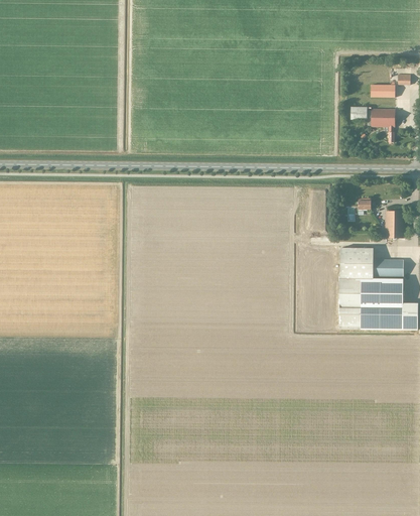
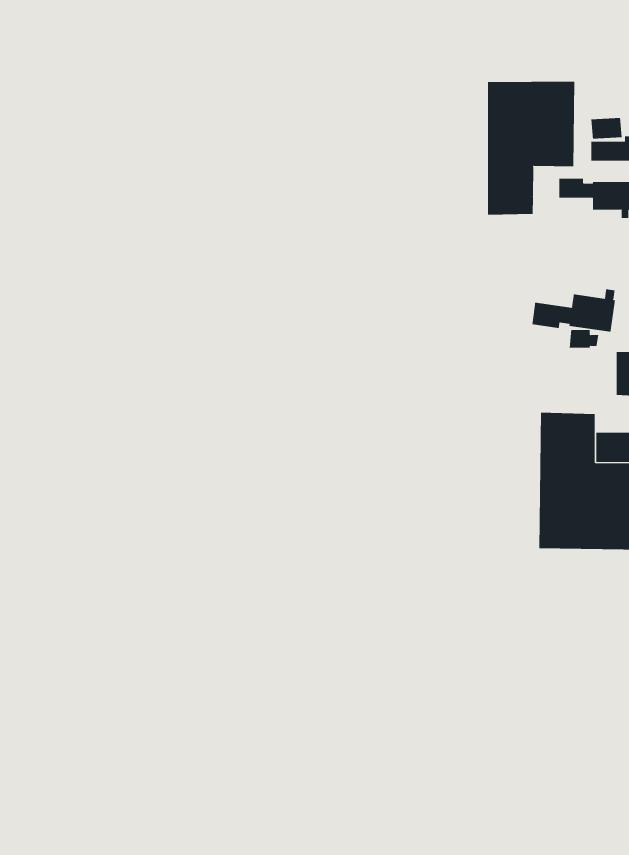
building: none -> [488,81,575,215]
building: none -> [532,288,616,333]

